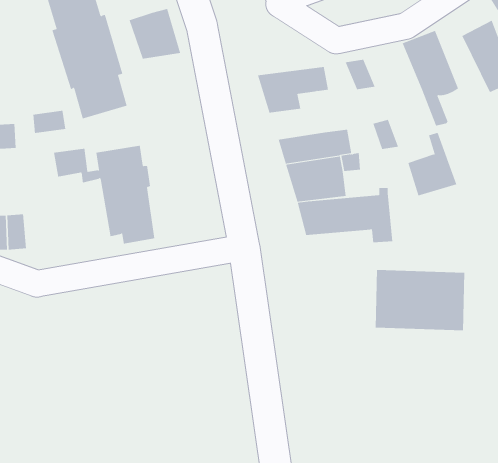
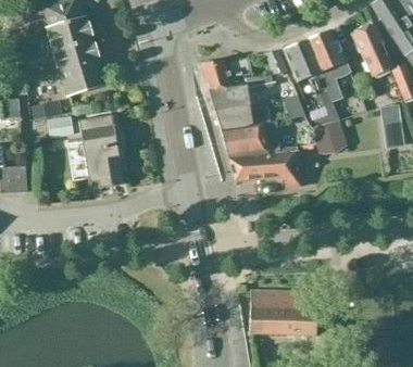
building: [129,8,181,60] -> none
building: none -> [284,39,335,107]
building: none -> [209,75,273,111]
building: [375,270,465,331] -> [250,290,317,336]

